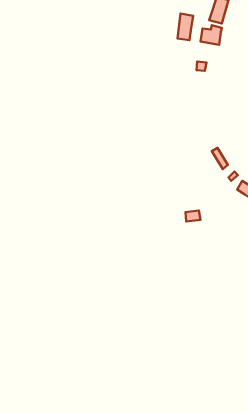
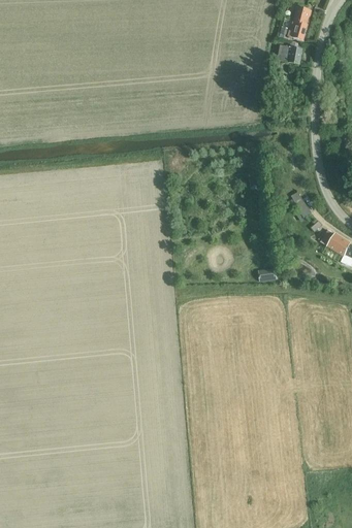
building: [177,14,193,40] -> none

